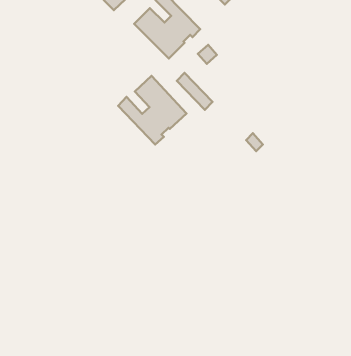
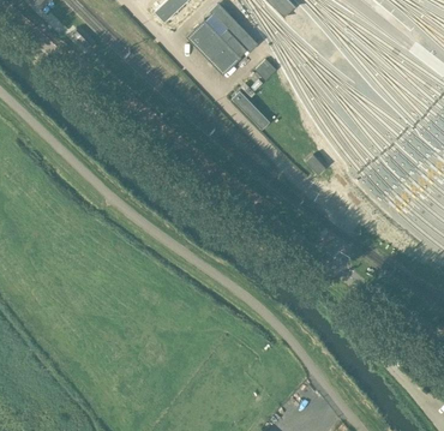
building: [118,76,186,145] -> none

